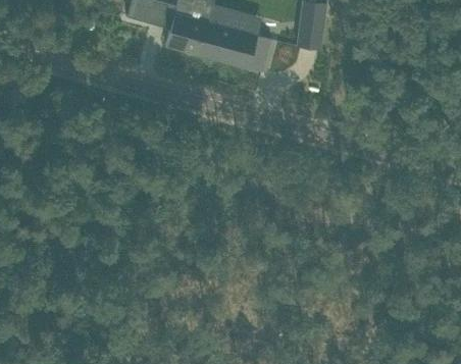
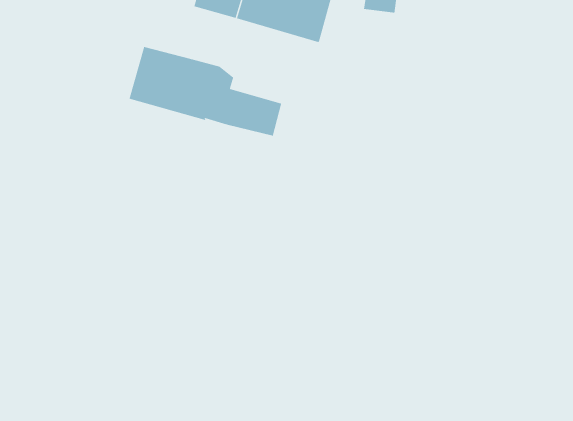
building: none -> [129,46,282,136]

